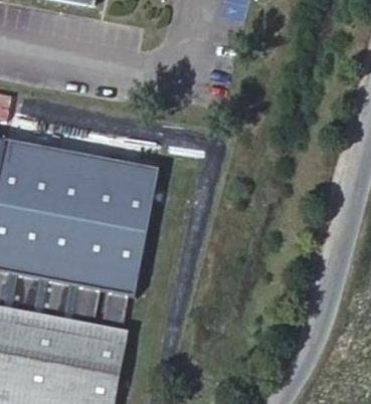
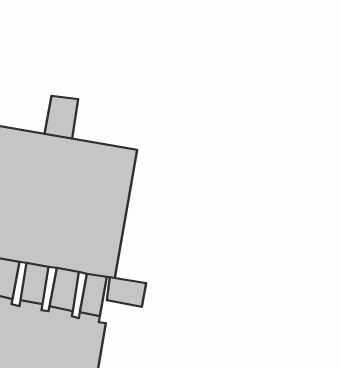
building: none -> [45,96,78,139]
building: none -> [107,277,146,307]

